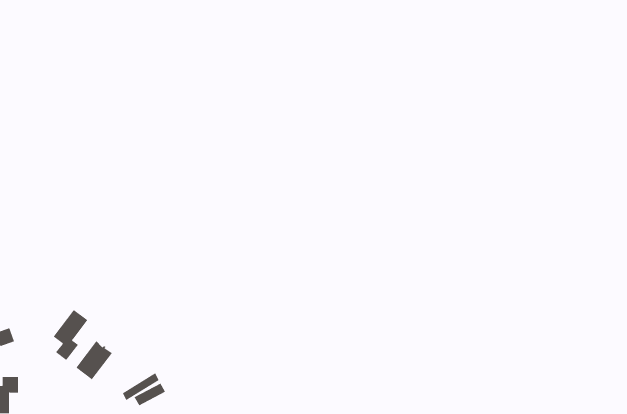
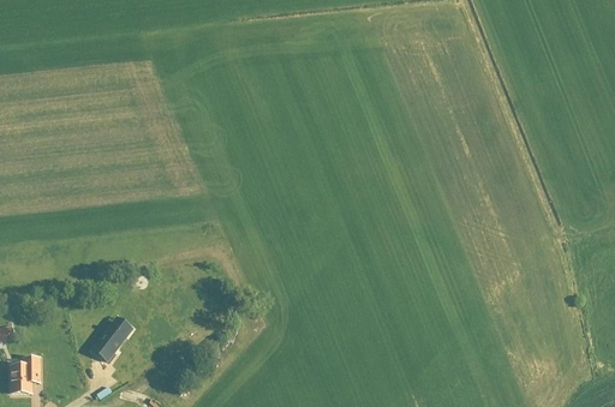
building: [53,309,88,361] -> none

